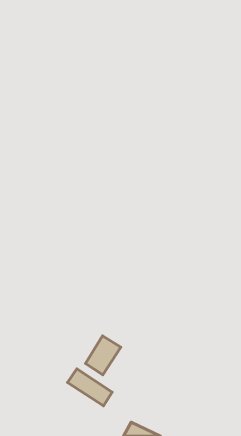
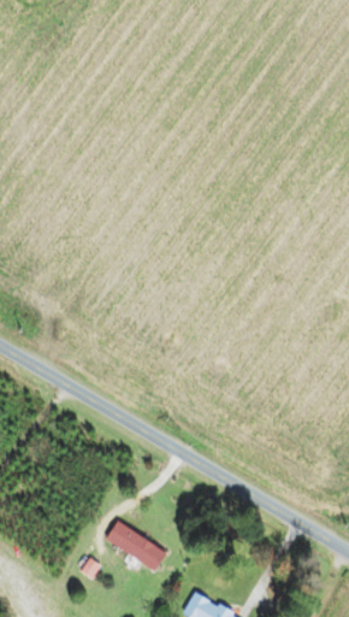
building: [85,336,121,375] -> none

